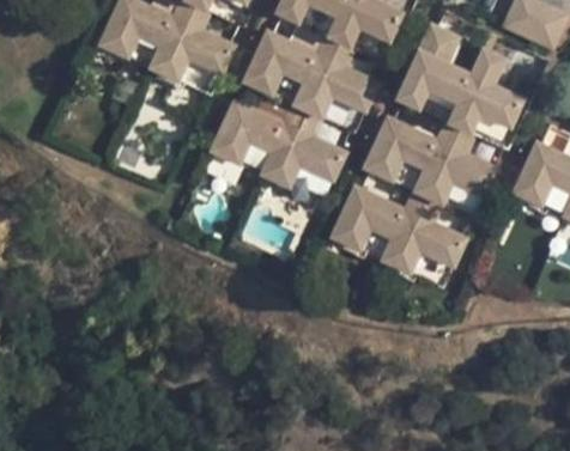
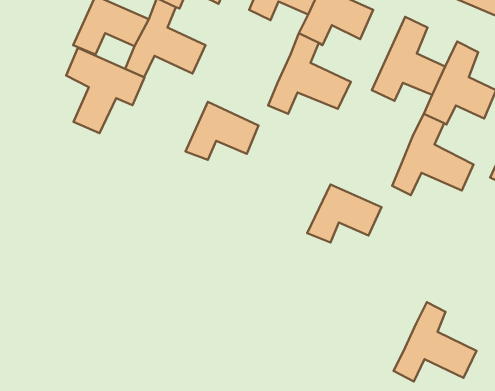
building: [249,39,323,100] -> none
building: none -> [66,48,144,133]
building: [269,115,351,193] -> none
building: [374,123,448,183] -> none
building: [393,196,477,276] -> [394,302,476,381]

